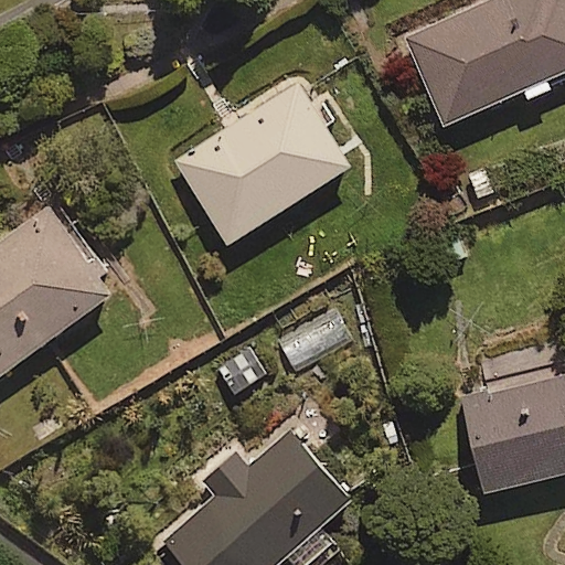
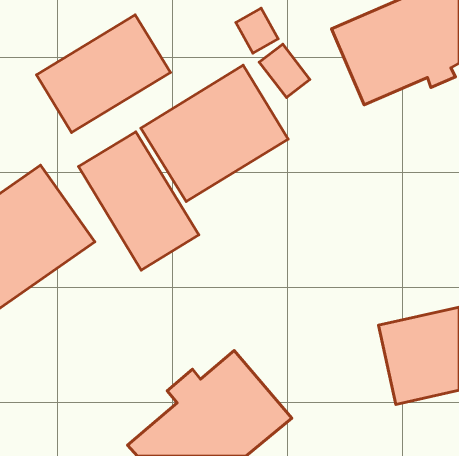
building: none -> [37,15,171,133]
building: none -> [79,132,199,270]

